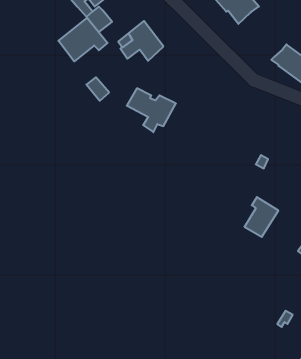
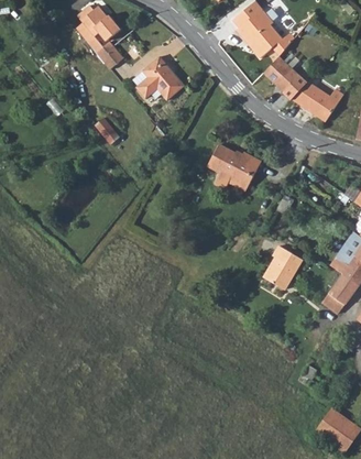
building: [58,18,108,61] -> none
building: none -> [264,54,305,94]
building: [127,88,176,132] -> [208,144,261,192]

